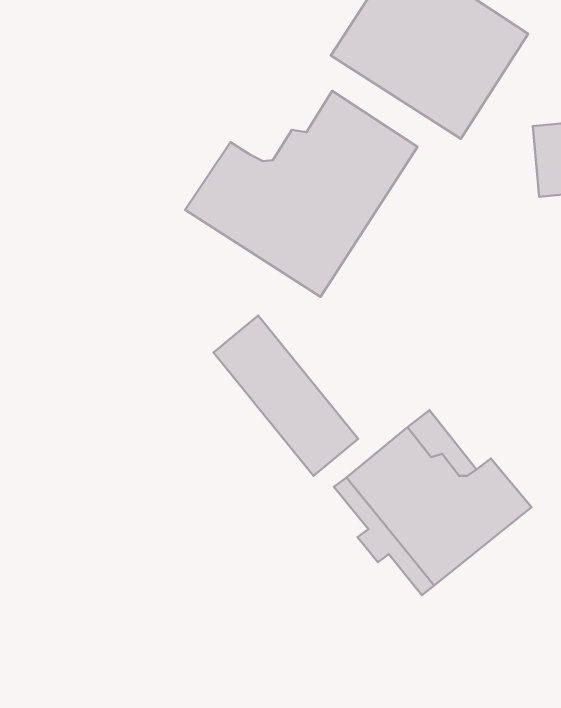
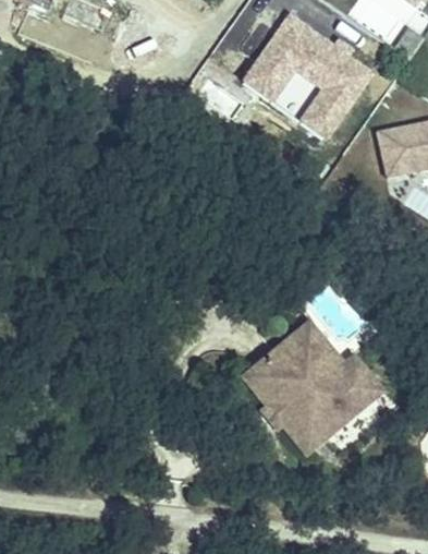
building: [185,91,417,297] -> none
building: [214,316,358,476] -> none

